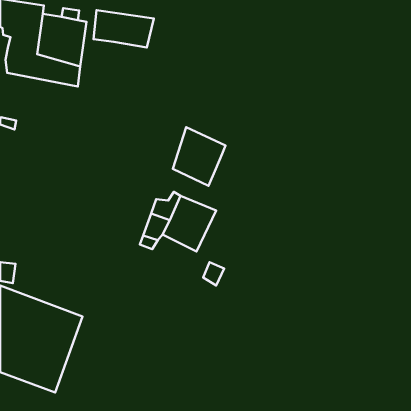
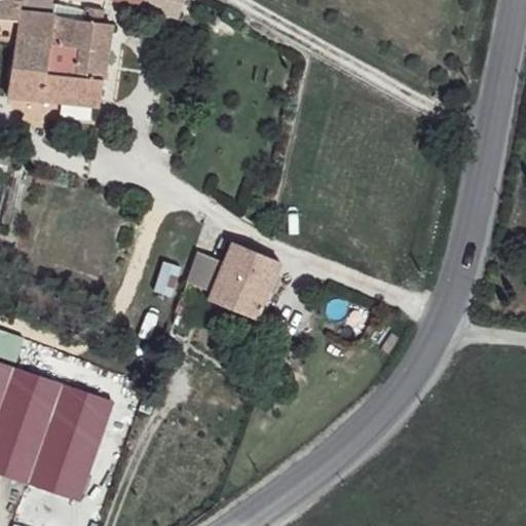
building: [93,10,154,47] -> none
building: [173,127,226,186] -> none

